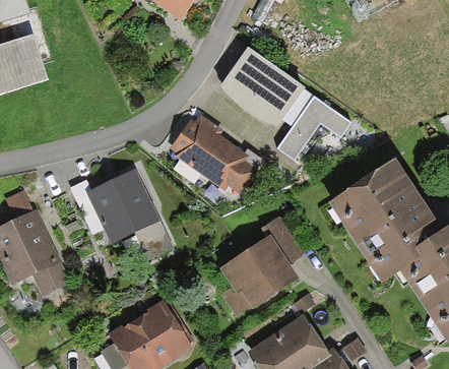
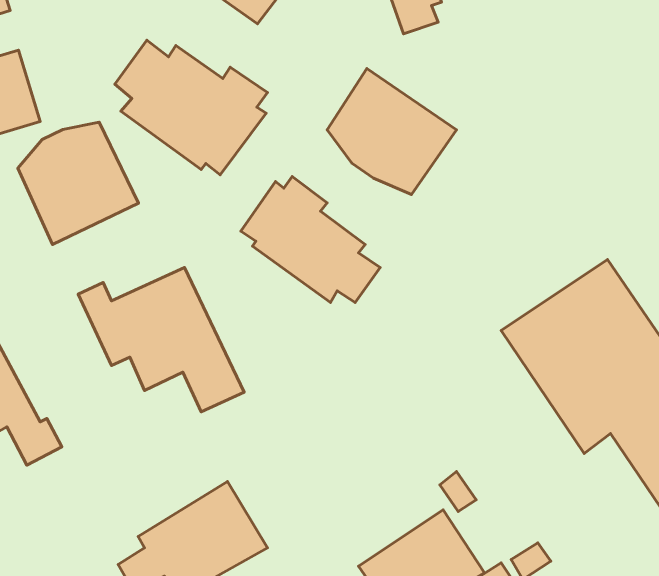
building: none -> [115,40,268,175]
building: none -> [18,122,138,244]
building: [279,97,352,159] -> none
building: [219,219,299,306] -> none

